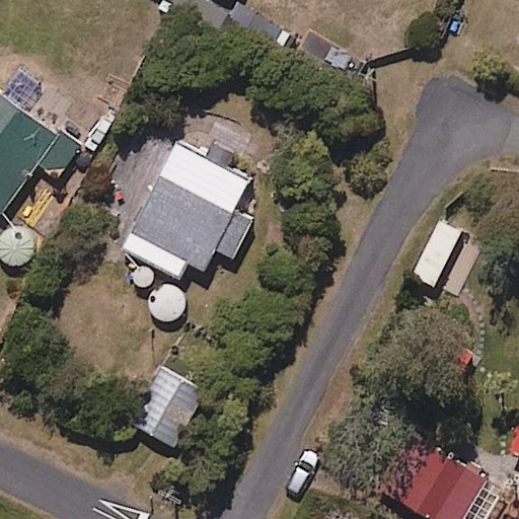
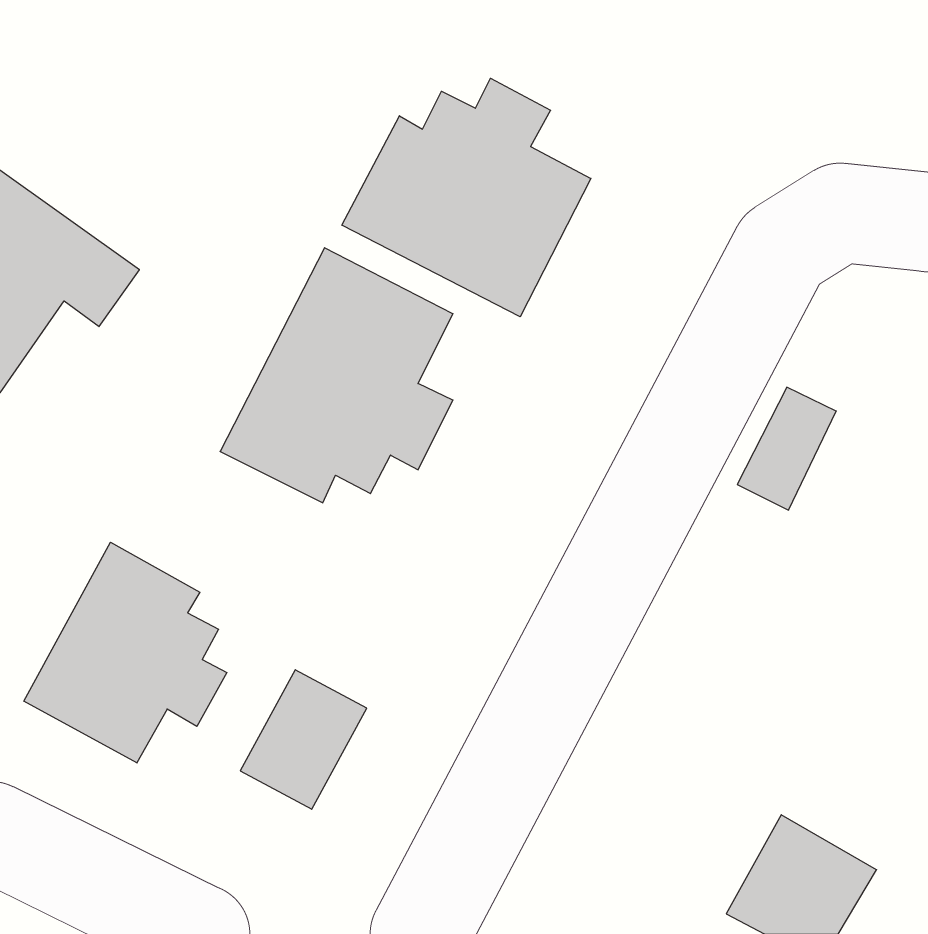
building: none -> [342,78,591,317]
building: none -> [24,542,227,763]

